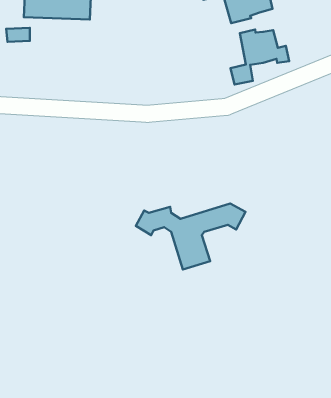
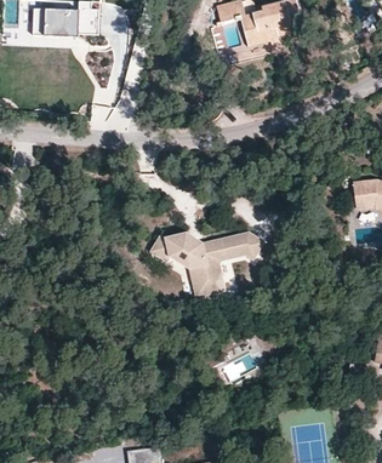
building: [231,30,289,85] -> none

